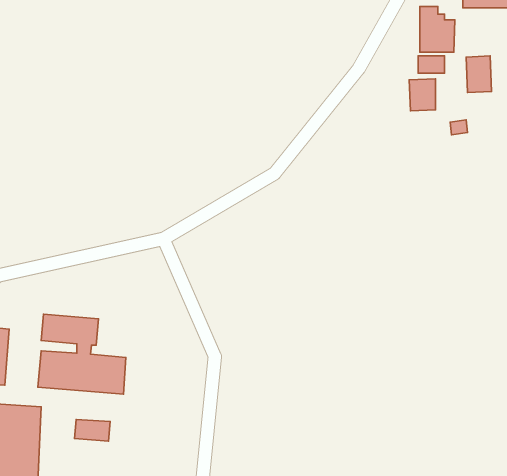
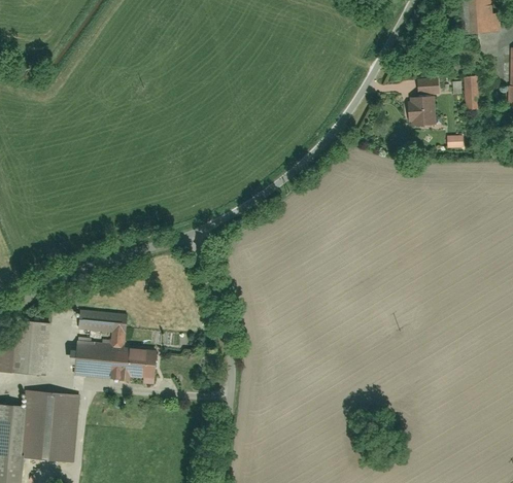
building: [420,6,455,52] -> none
building: [75,420,110,441] -> none

